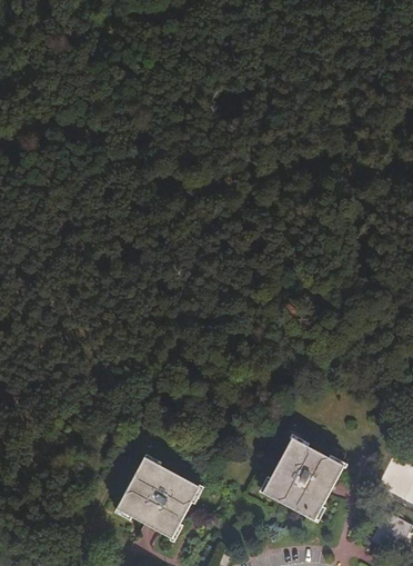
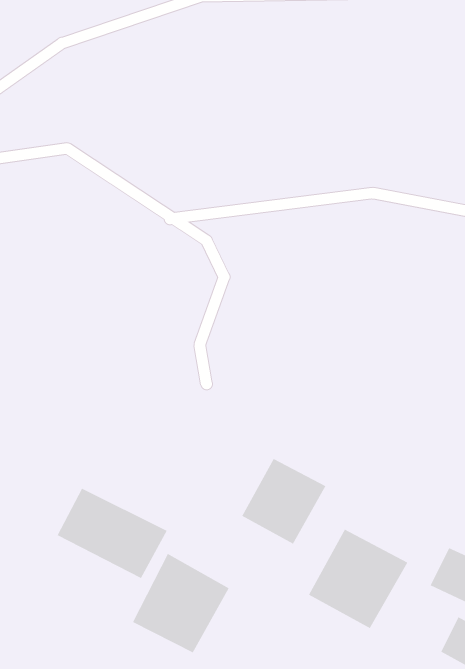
building: none -> [241,458,326,544]
building: none -> [57,488,167,579]

